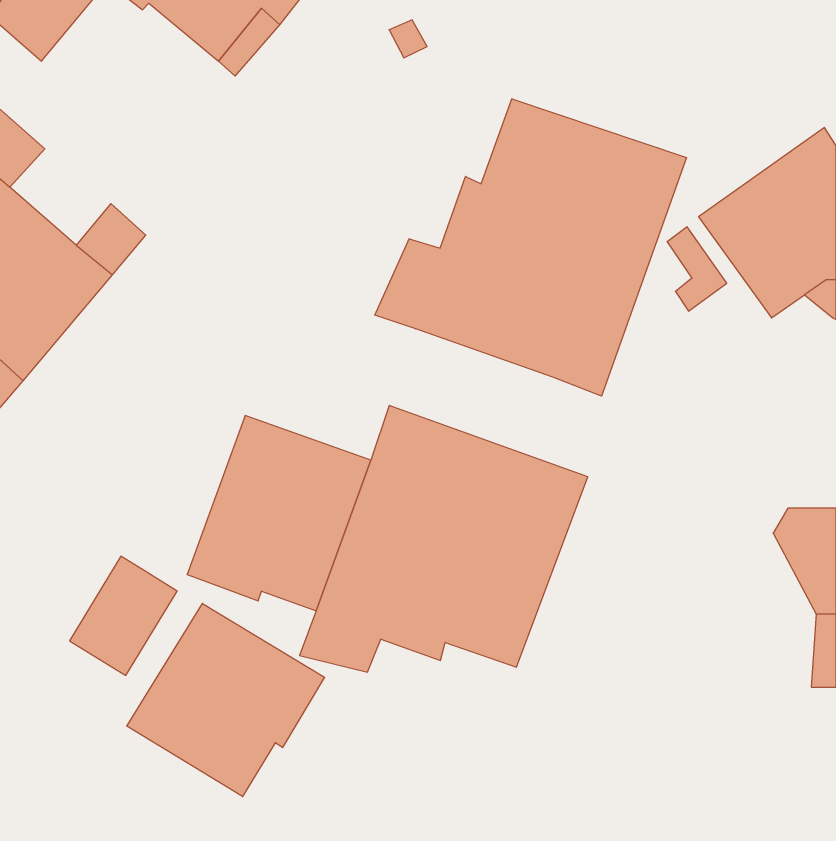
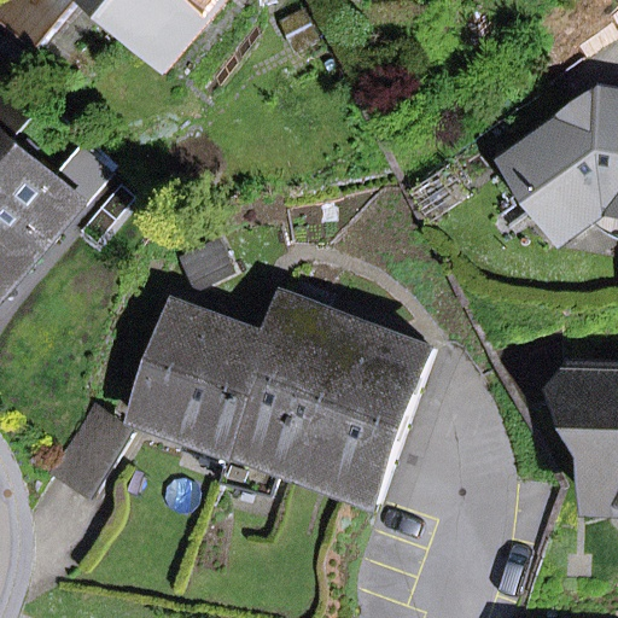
building: [375,99,687,396] -> none
building: [127,603,325,797] -> none

